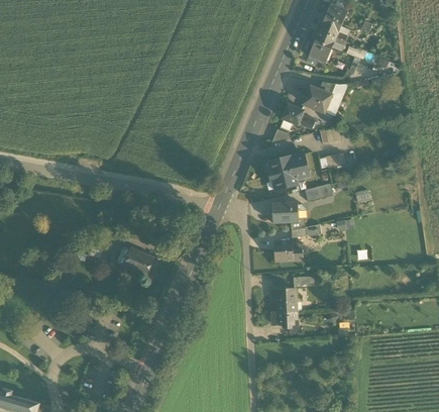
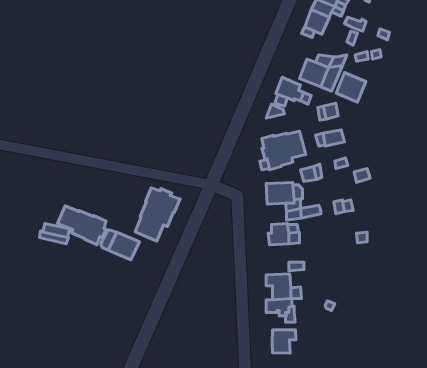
building: none -> [336,73,366,102]
building: none -> [135,188,180,241]
building: none -> [58,206,106,245]
building: none -> [272,330,296,353]

